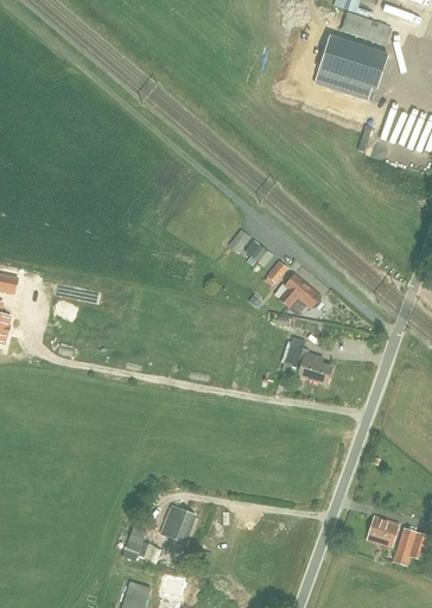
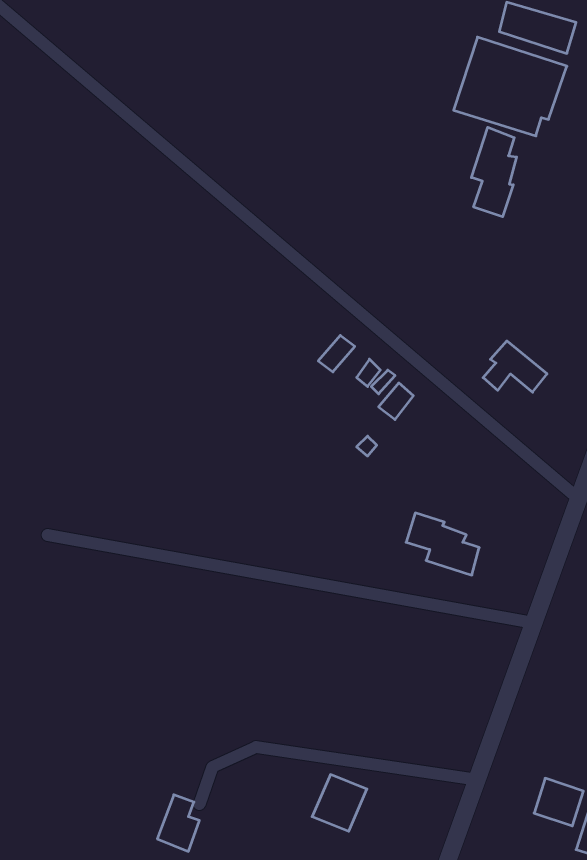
building: none -> [471,127,517,217]
building: [279,273,320,306] -> [483,341,547,392]
building: [160,505,196,542] -> [312,775,367,831]

